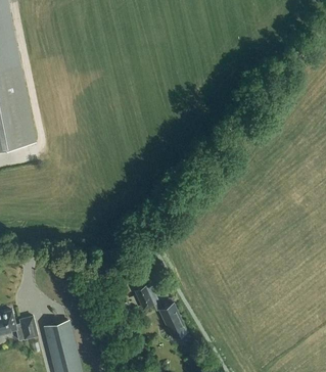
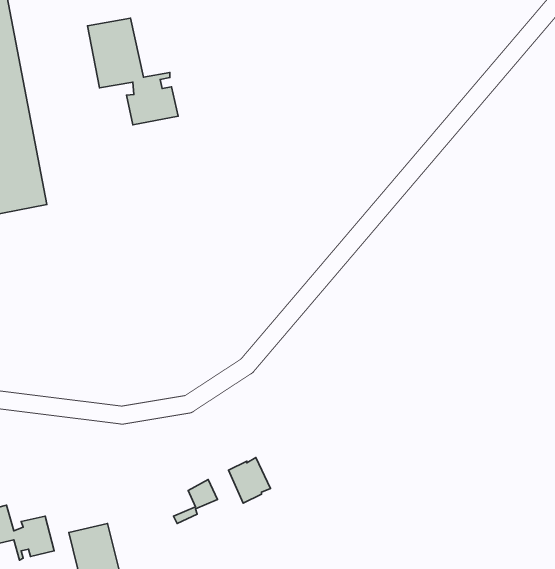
building: none -> [87,18,178,125]
building: [154,303,189,340] -> none

